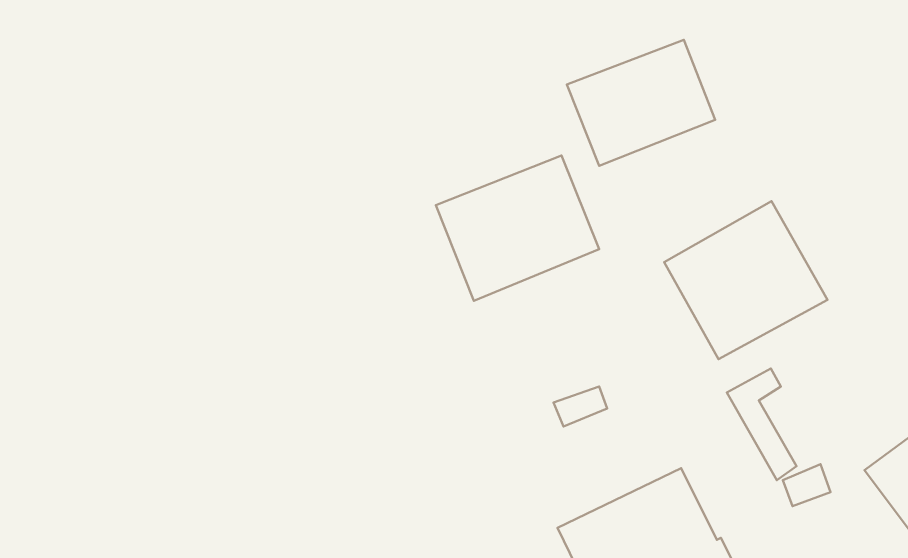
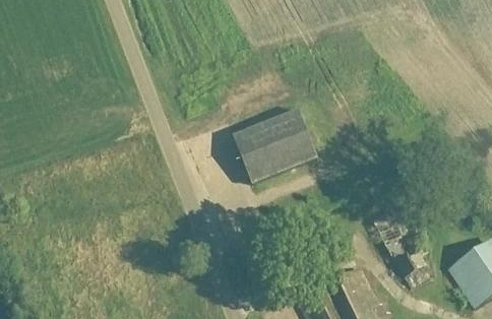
building: [567,40,715,166] -> none
building: [664,201,828,359] -> none

